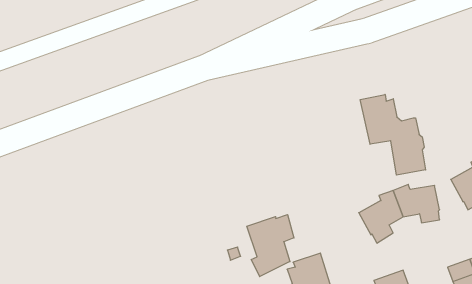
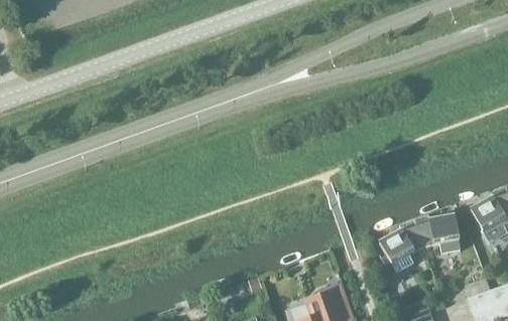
building: [360,94,426,175] -> none
building: [247,215,294,277] -> none

